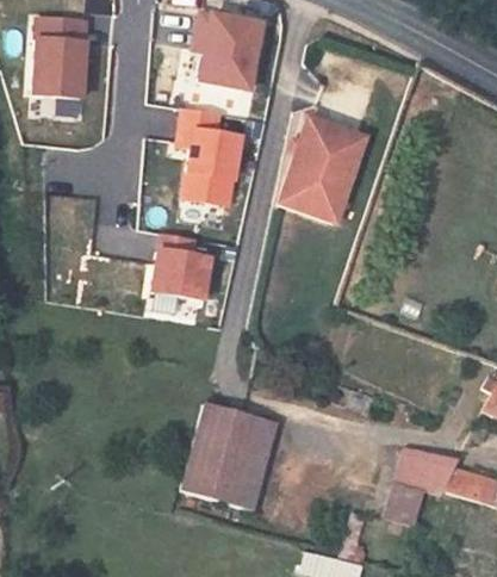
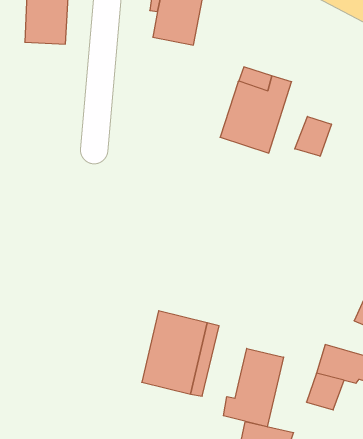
building: [186,103,250,198] -> none
building: none -> [295,116,331,156]
building: [147,232,204,299] -> none
building: none -> [223,348,284,427]

